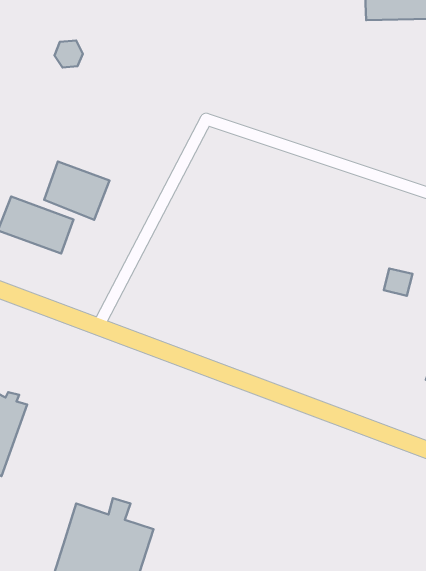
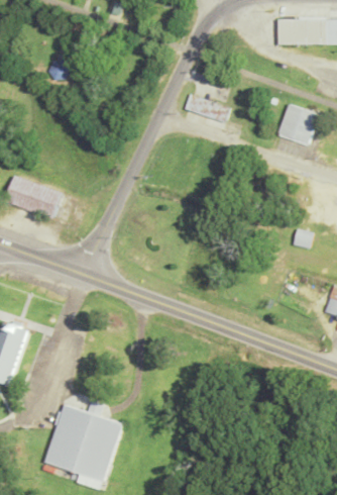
building: none -> [186,93,230,122]
building: none -> [278,104,319,142]
building: [44,162,110,220] -> none

